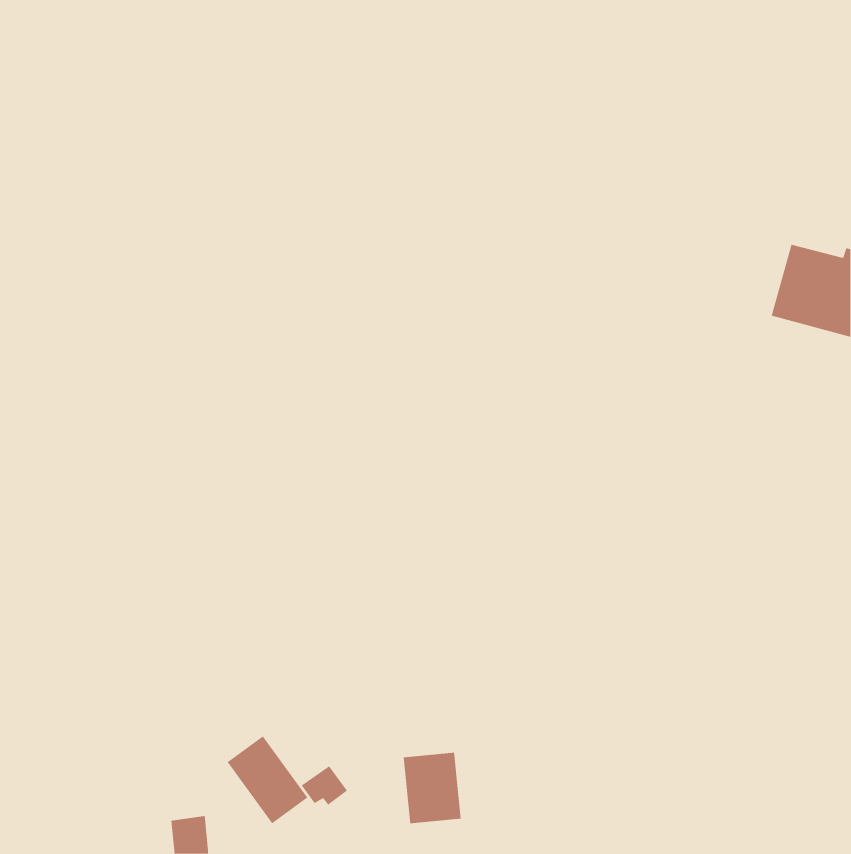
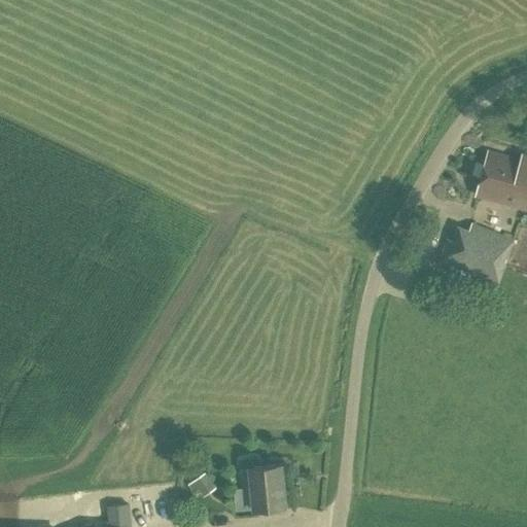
building: none -> [453,222,513,283]
building: [227,736,308,824] -> none

